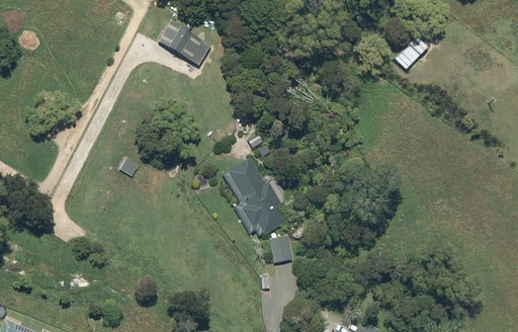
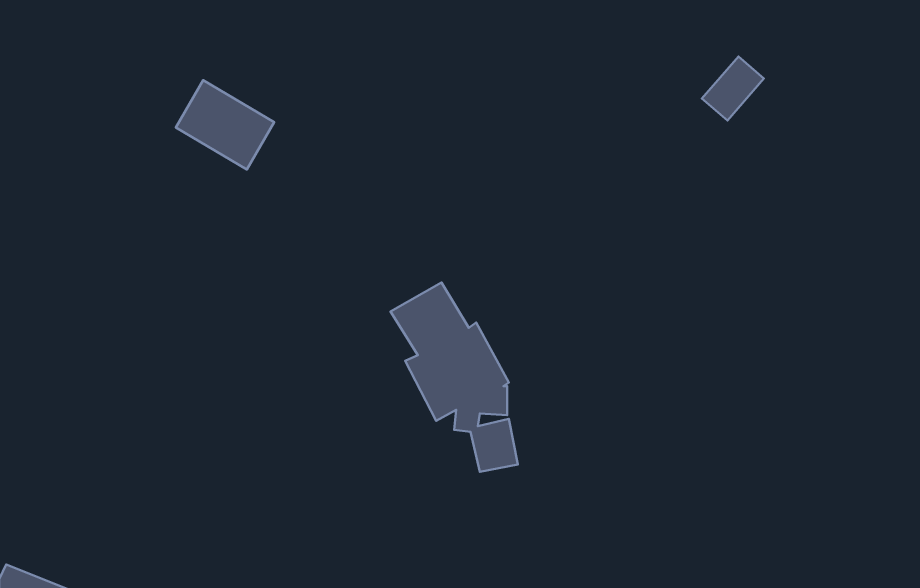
building: [157,18,211,68] -> [176,80,274,169]

